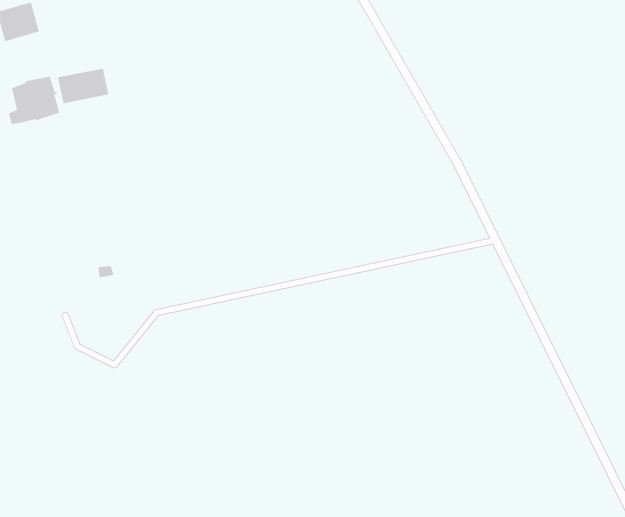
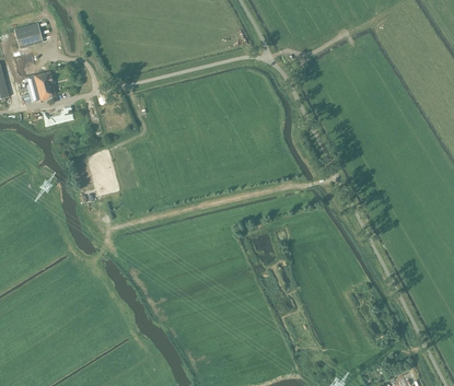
building: [57,68,109,104] -> none

